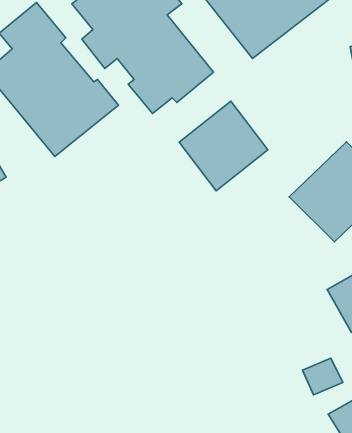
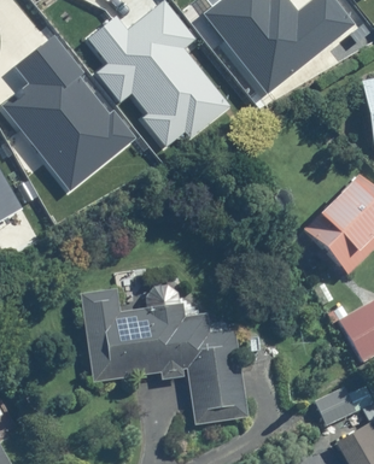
building: [179,101,268,191] -> none
building: none -> [82,290,247,424]

